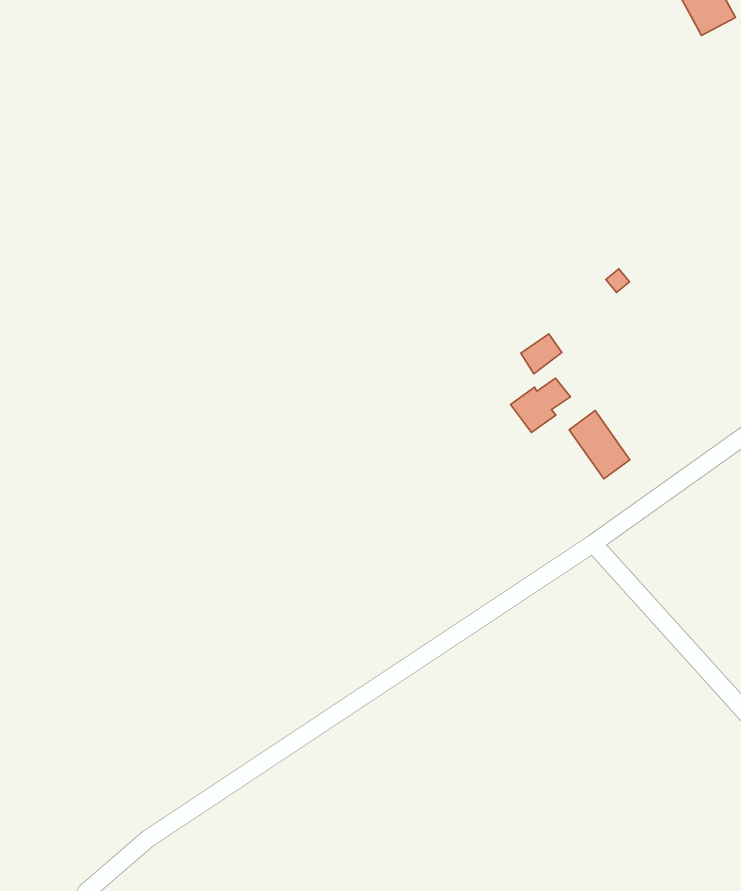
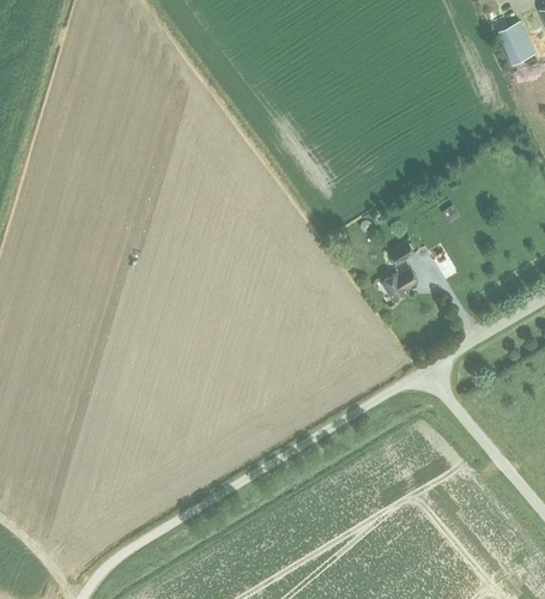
building: [569,411,630,479] -> none

